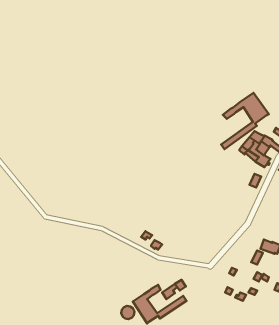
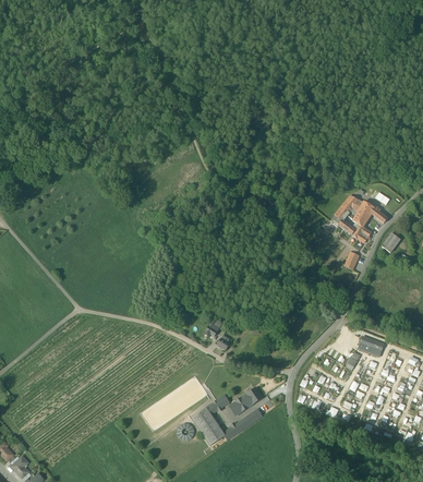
building: [221,93,269,149] -> none

